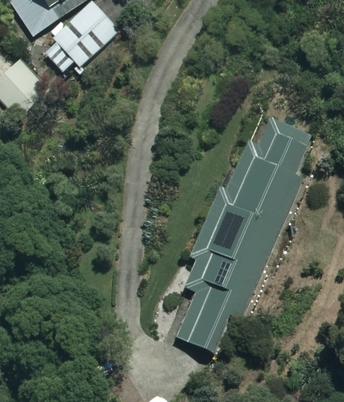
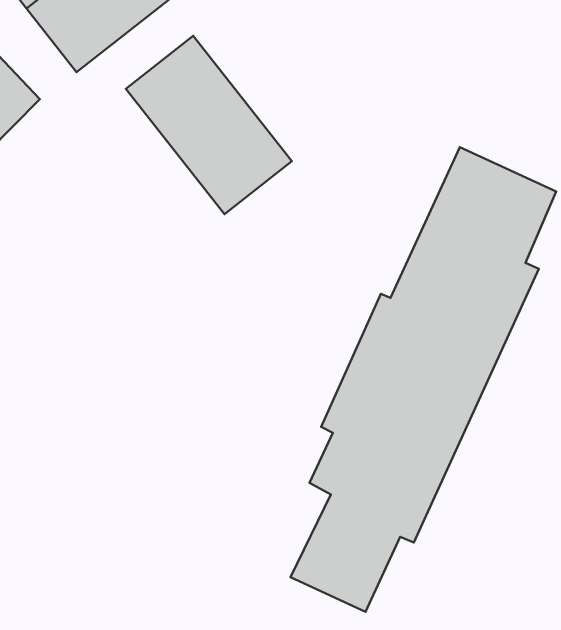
building: none -> [126,36,292,214]

